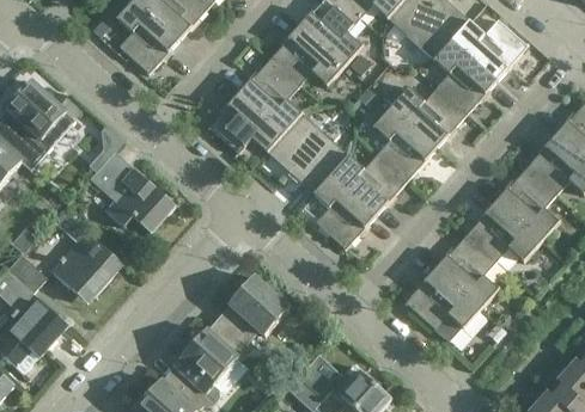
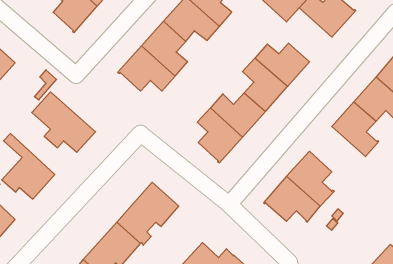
building: [434,41,495,113] -> none
building: [266,113,348,195] -> none
building: [465,201,541,262] -> none

